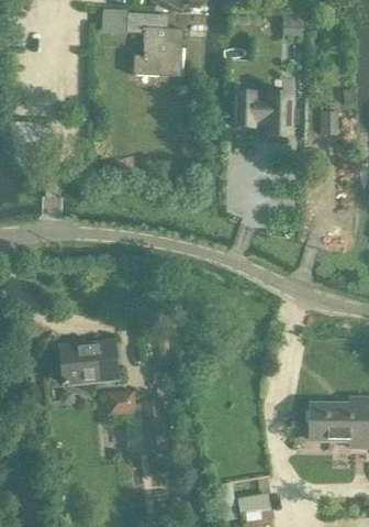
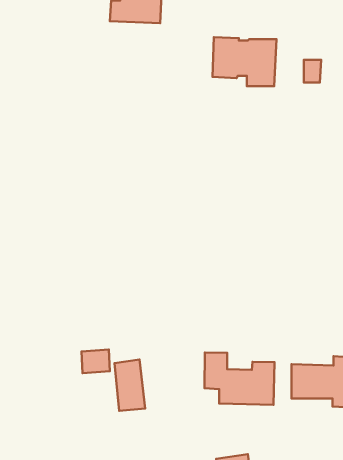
building: [47,341,118,398] -> none
building: none -> [204,352,275,405]

